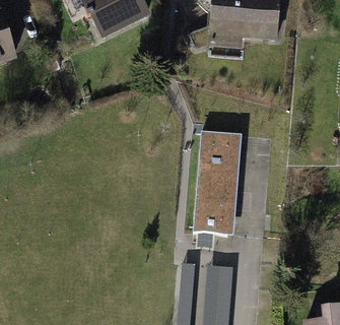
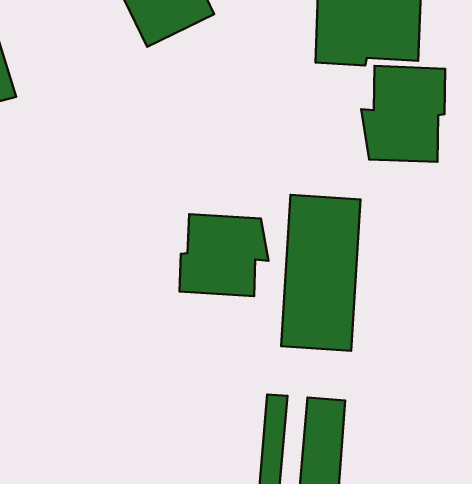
building: none -> [361,66,445,162]
building: none -> [180,214,268,296]

